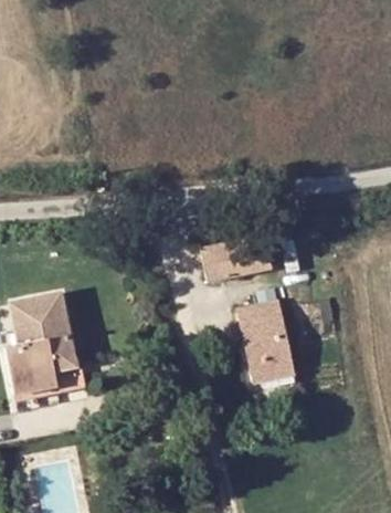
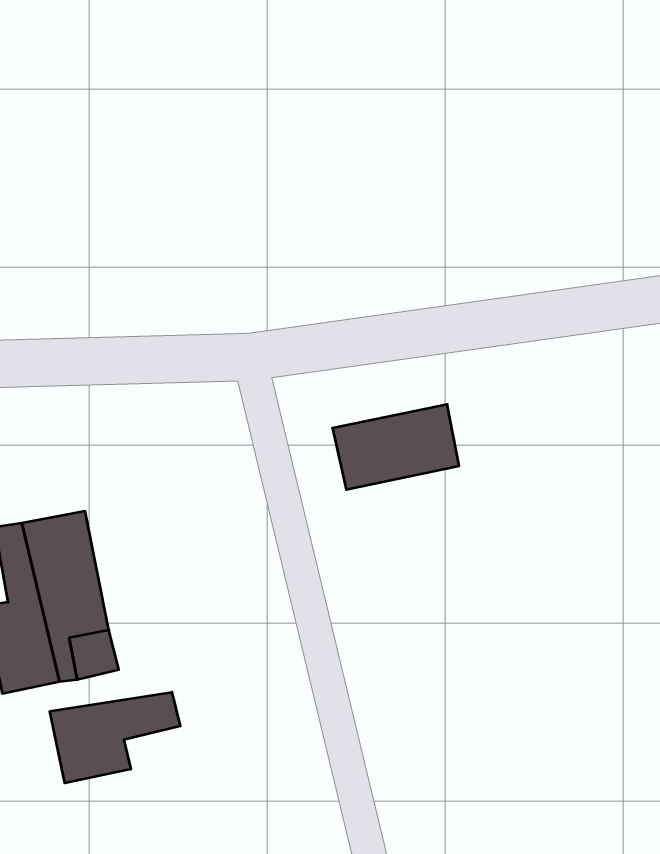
building: [237,302,294,383] -> none
building: none -> [50,692,180,783]

